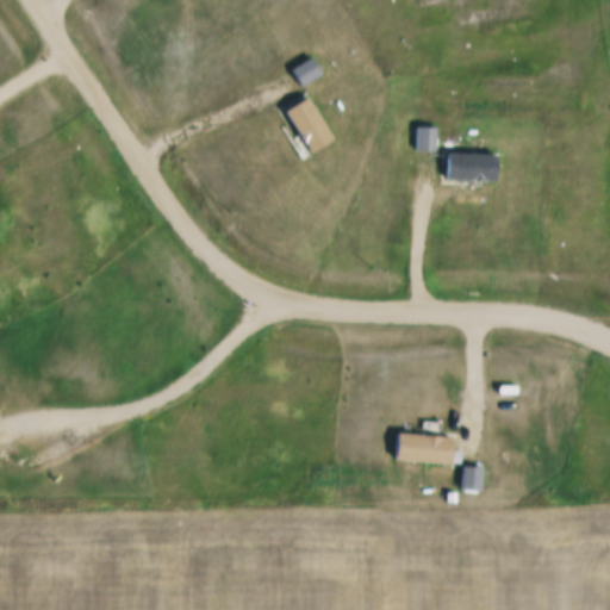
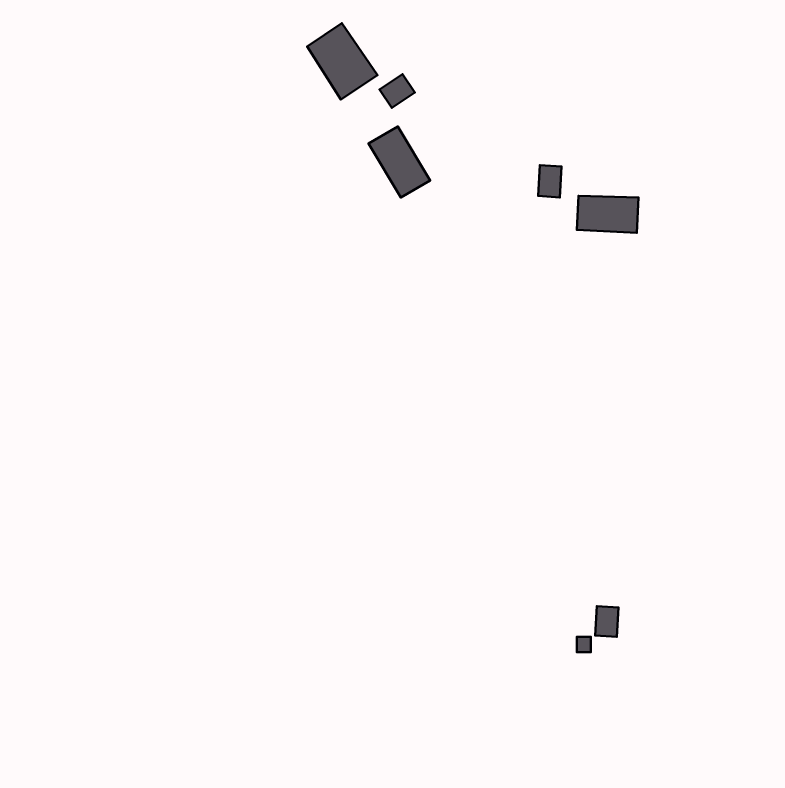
building: none -> [307,23,377,99]
building: [396,429,450,467] -> none

